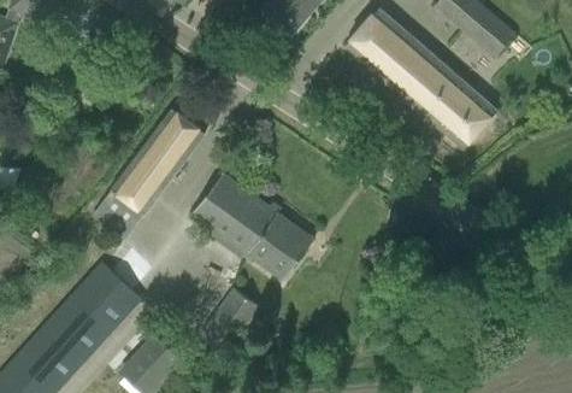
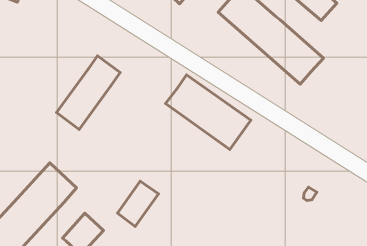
building: [191,172,314,280] -> [165,75,251,149]

